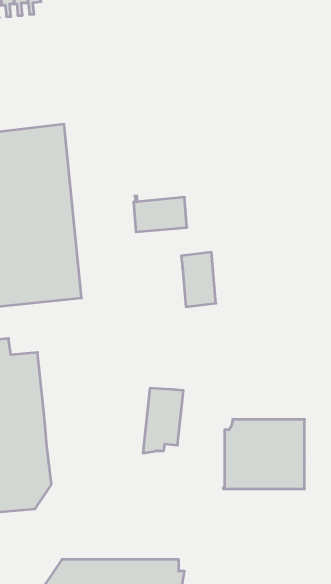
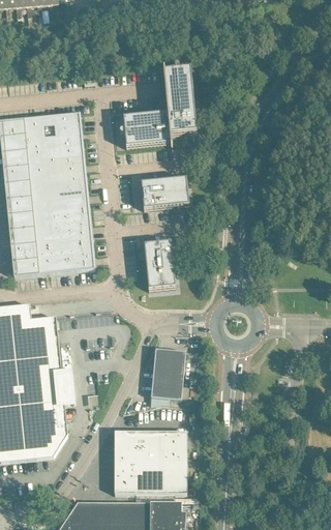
building: none -> [122,68,197,147]
building: [181,252,216,307] -> [144,241,175,290]
building: [223,419,305,489] -> [114,432,186,494]

